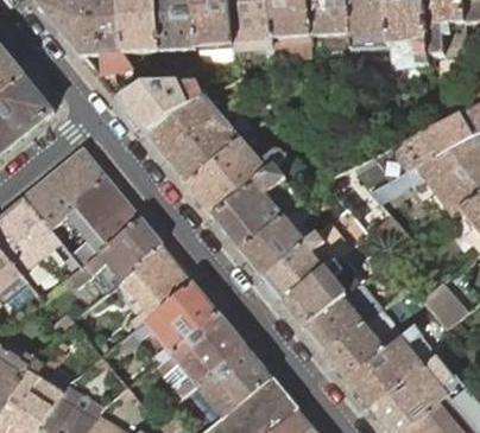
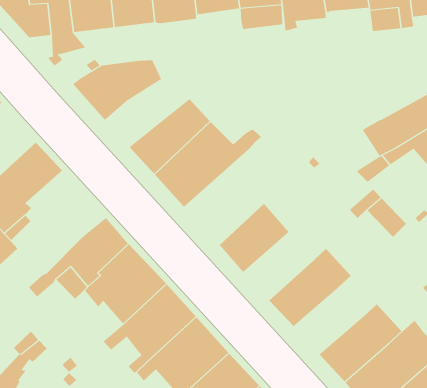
building: [146,96,223,158] -> none
building: [213,160,303,250] -> none
building: [70,176,143,268] -> none
building: [263,233,326,303] -> none
building: [305,285,381,354] -> none

